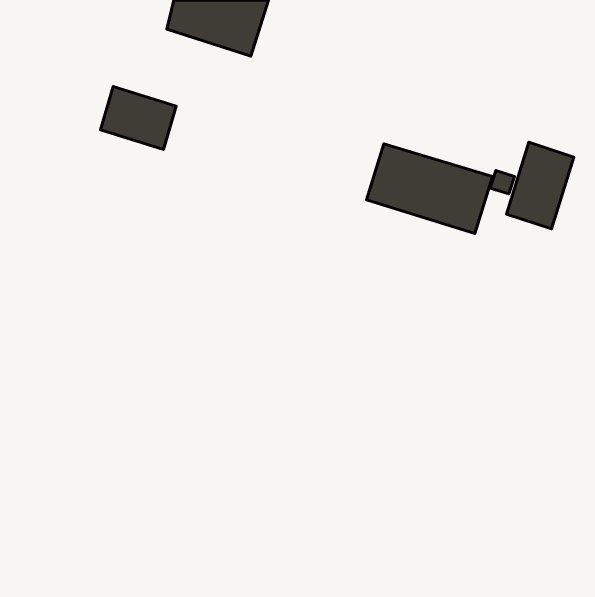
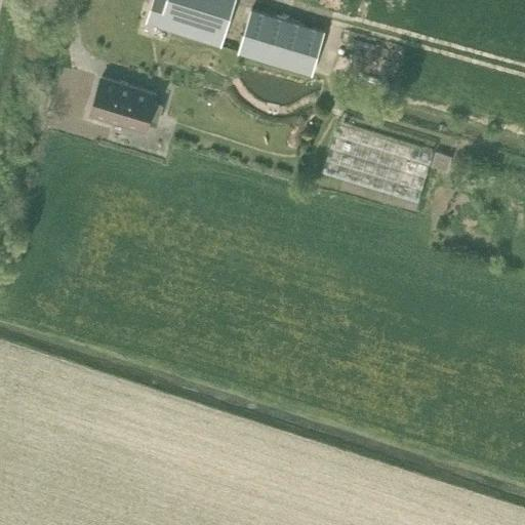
building: none -> [240,8,325,72]
building: [507,142,574,229] -> none

